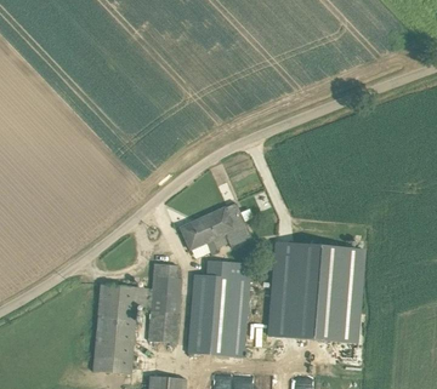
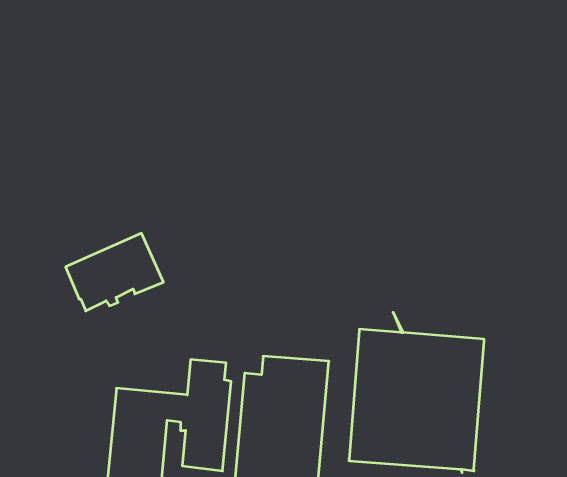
building: [180,202,250,258] -> [66,233,163,311]

